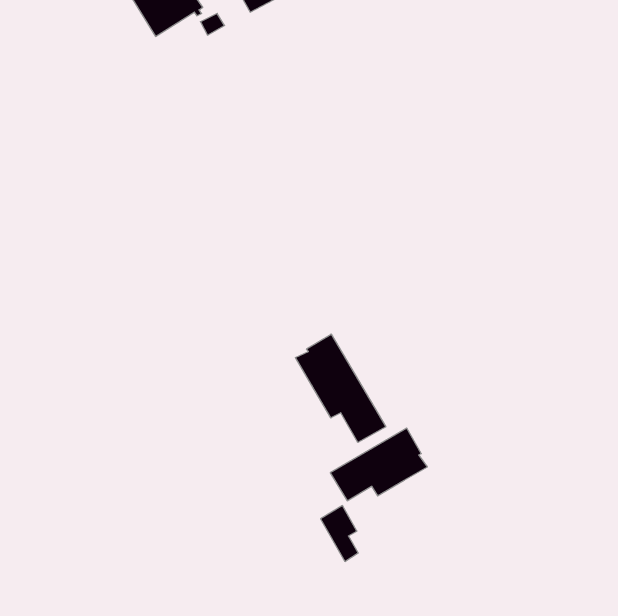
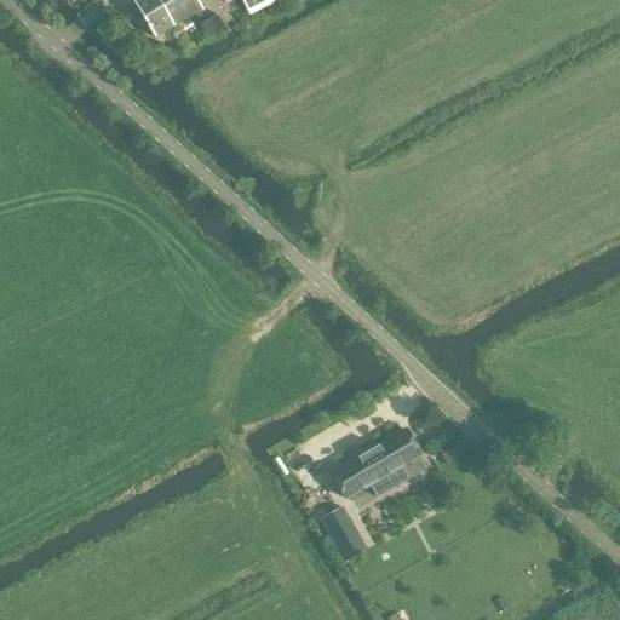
building: [295,334,386,442] -> none

